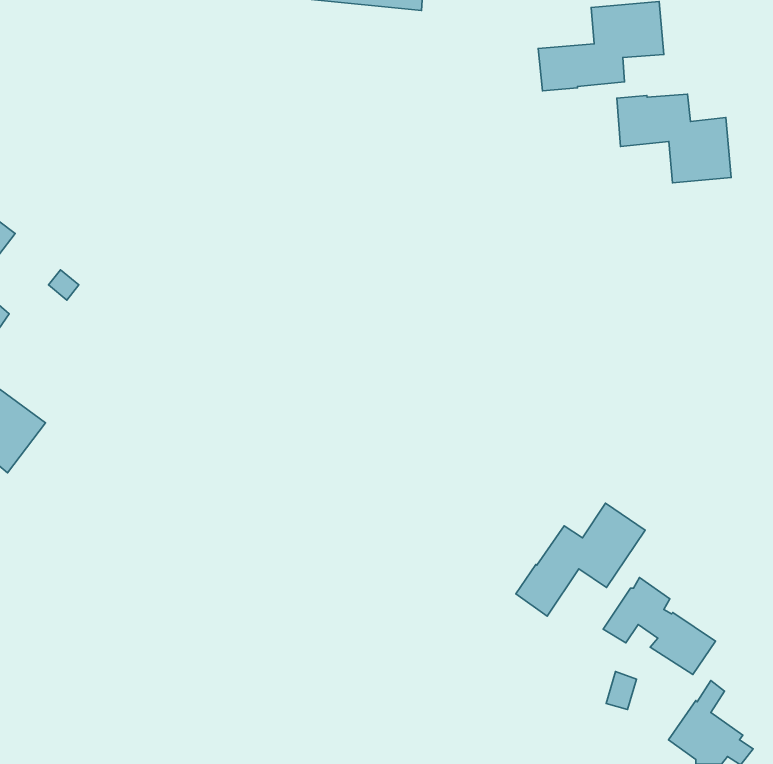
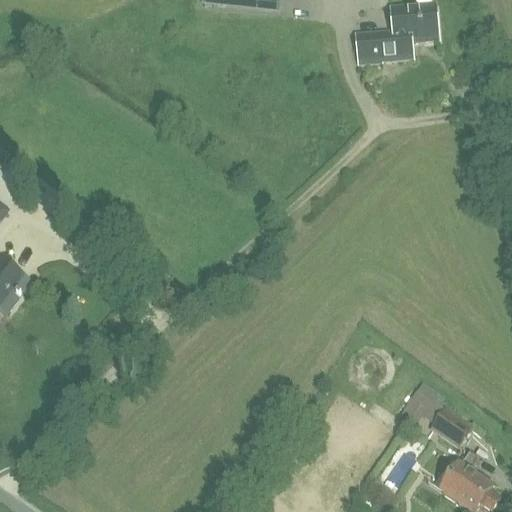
building: [617,94,731,183] -> none
building: [516,503,645,616] -> none

